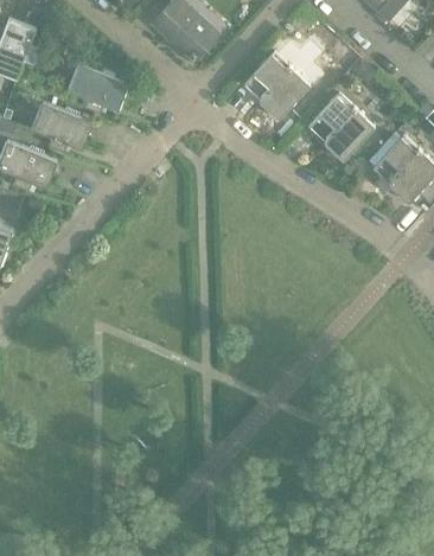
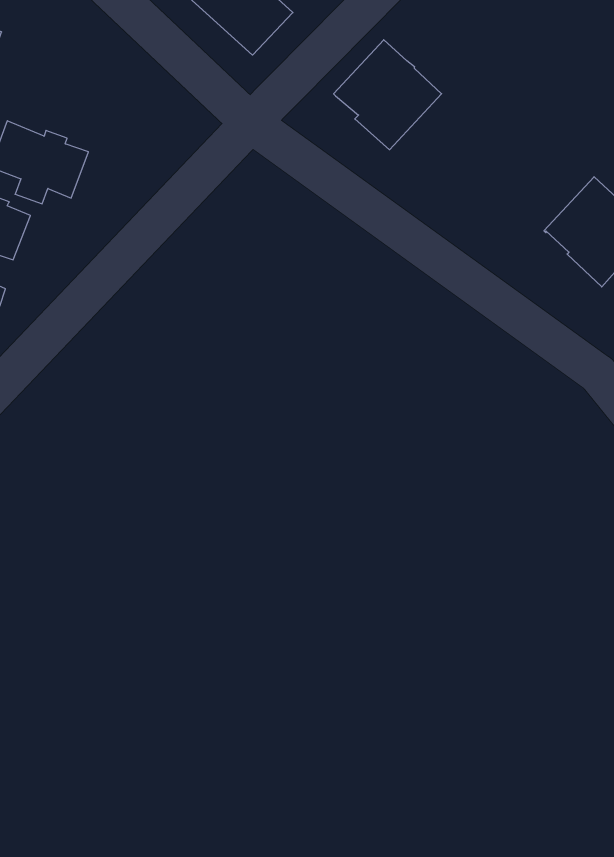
building: [66,62,127,113] -> none
building: [307,92,374,160] -> none

